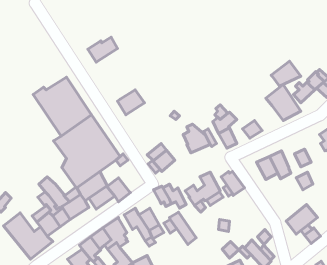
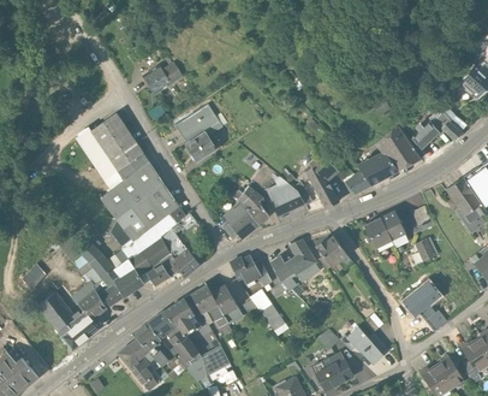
building: [271,61,301,86] -> [359,152,398,184]
building: none -> [175,107,216,143]
building: none -> [238,187,268,223]

